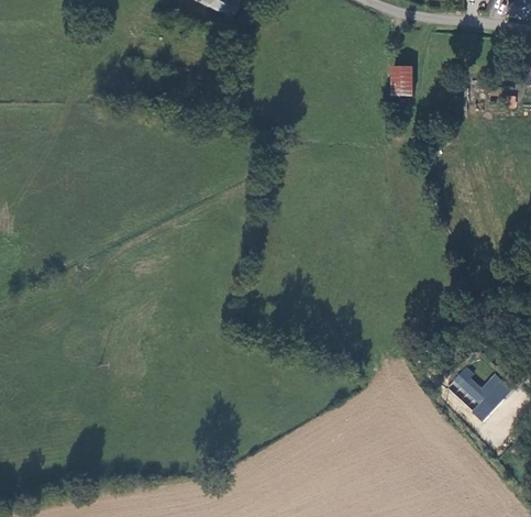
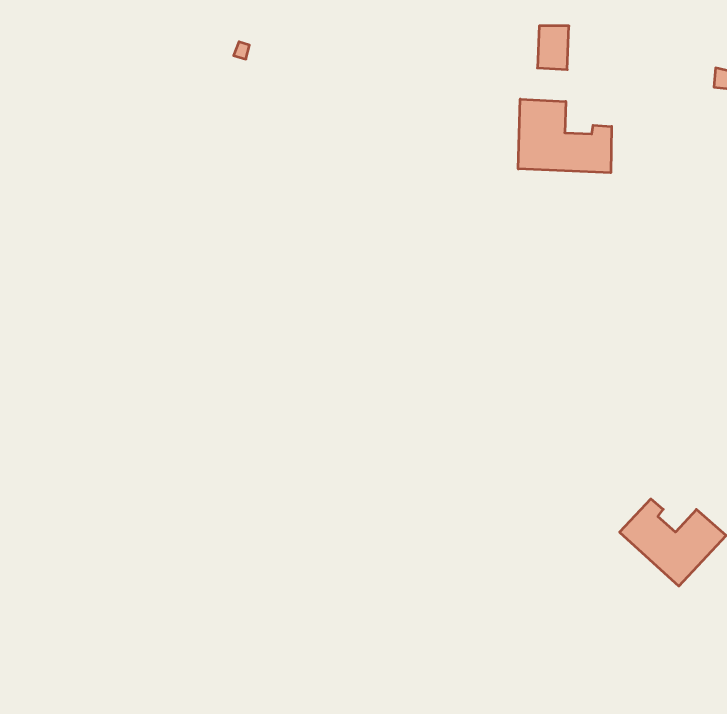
building: none -> [518,99,612,173]

